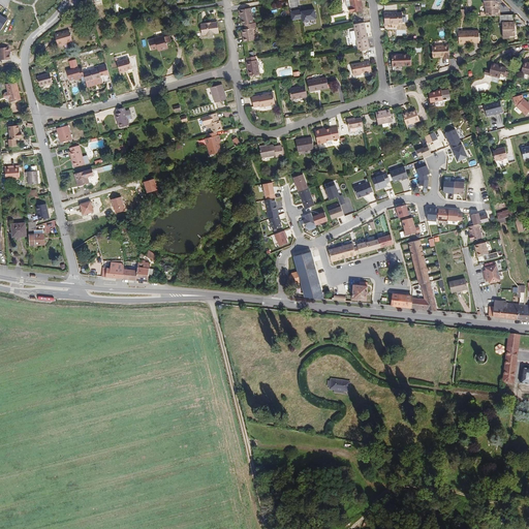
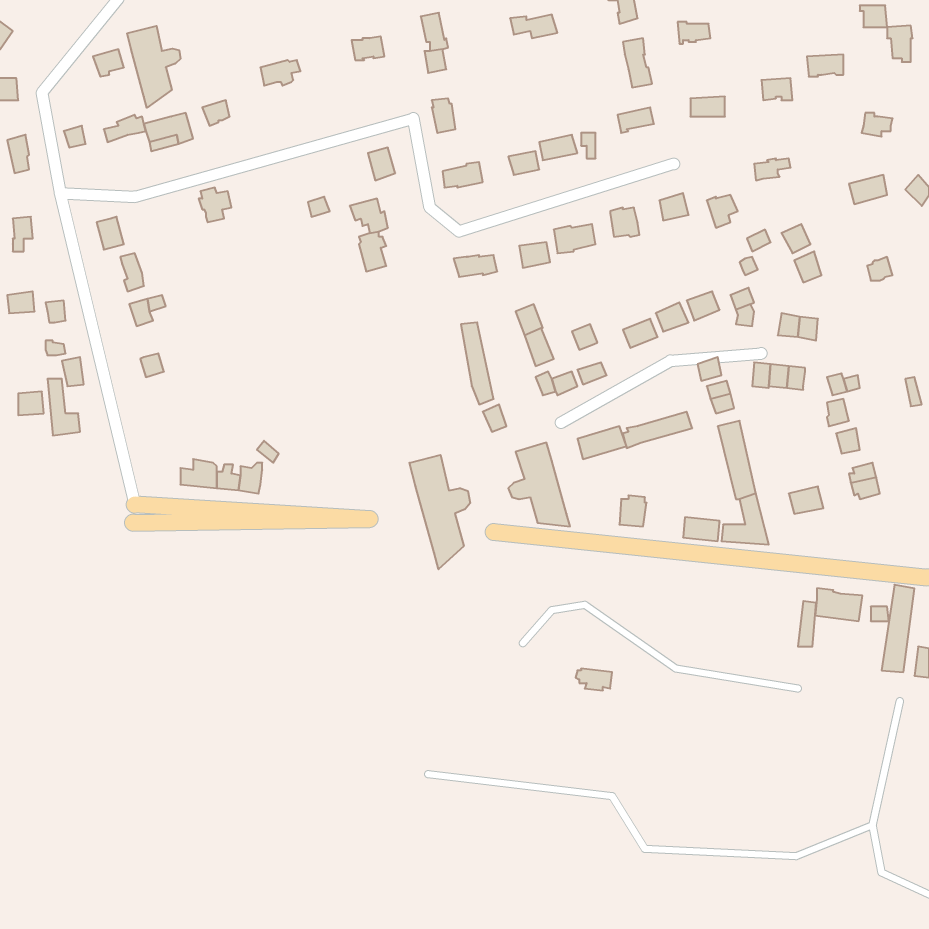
building: none -> [127,26,181,108]
building: none -> [409,455,470,569]
building: [492,301,519,319] -> [815,588,862,621]

